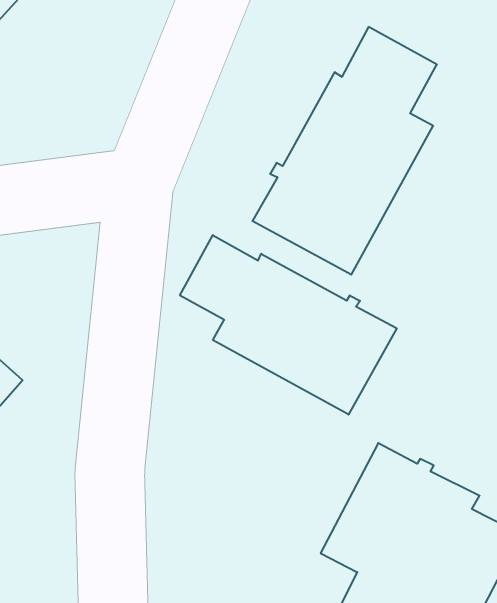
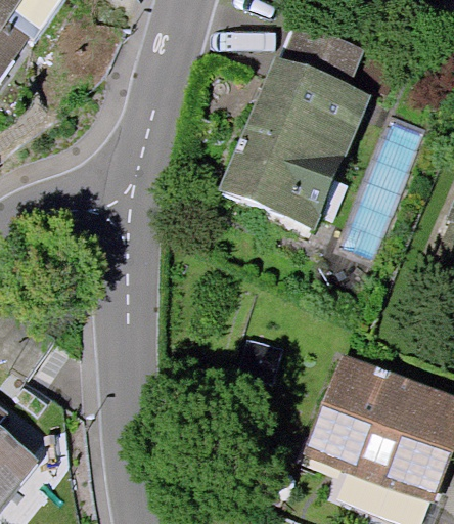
building: [180,235,397,415] -> none

